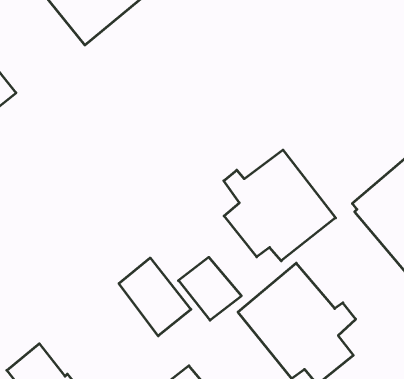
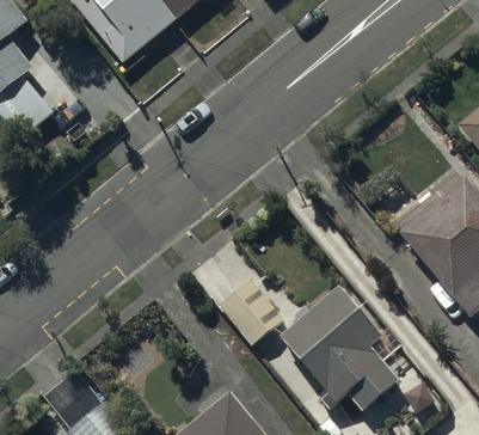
building: [224,150,336,261] -> none
building: [119,258,191,336] -> none

